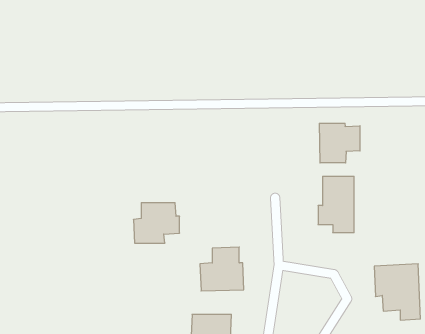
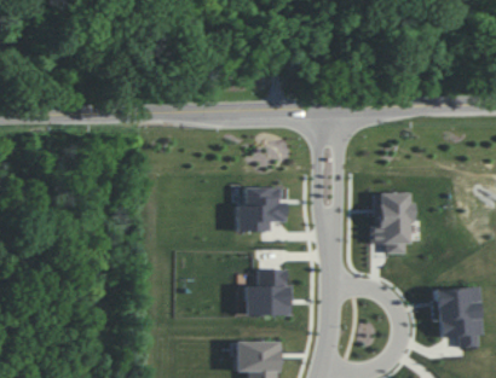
building: [319,123,360,163] -> none
building: [133,203,180,243] -> [237,187,287,231]

